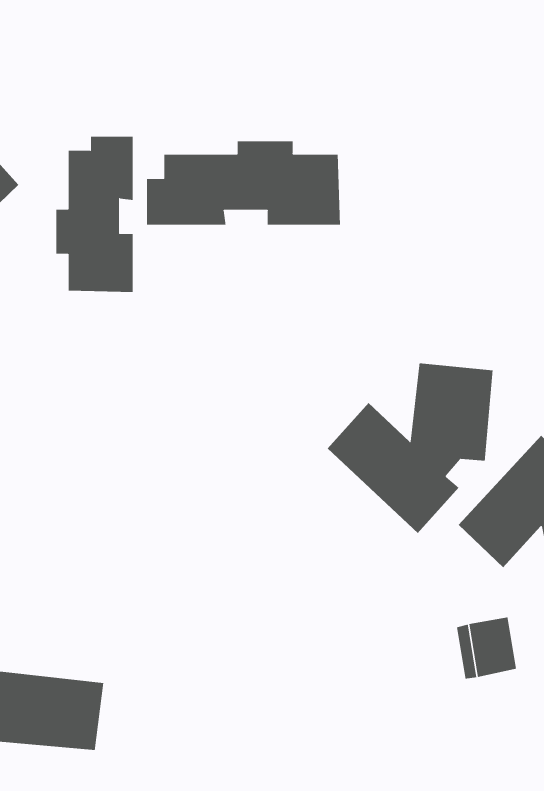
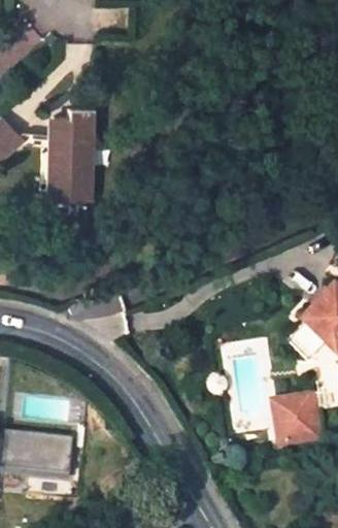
building: [147,140,340,226] -> none
building: [327,362,493,534] -> none

